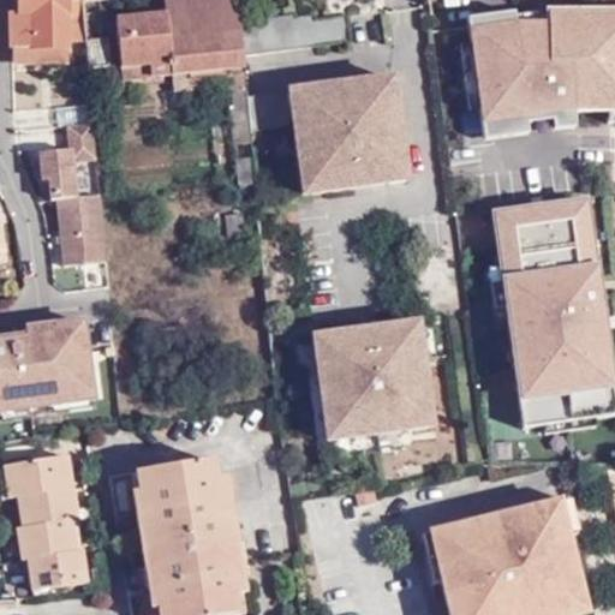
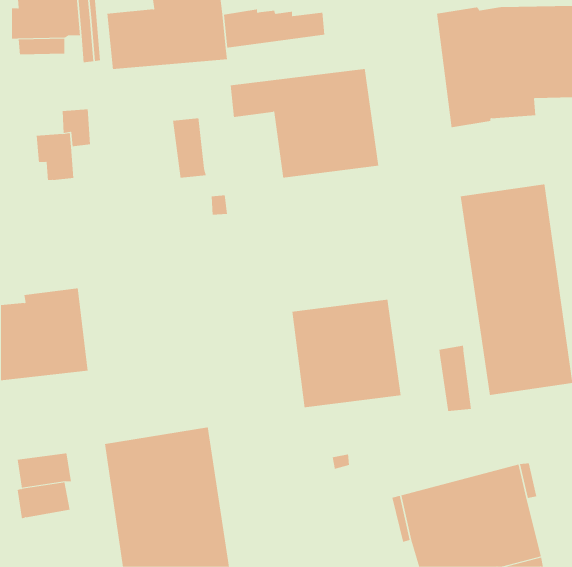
building: none -> [173,117,206,179]
building: [58,190,108,259] -> none
building: none -> [439,345,472,412]
building: [7,453,73,494] -> none
building: [29,547,88,587] -> none

